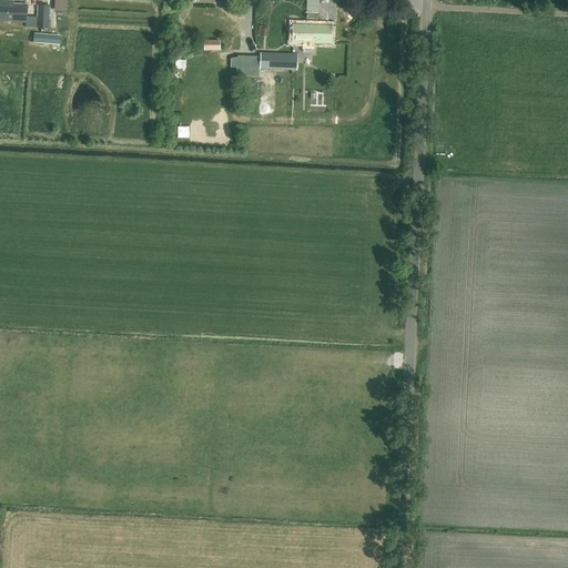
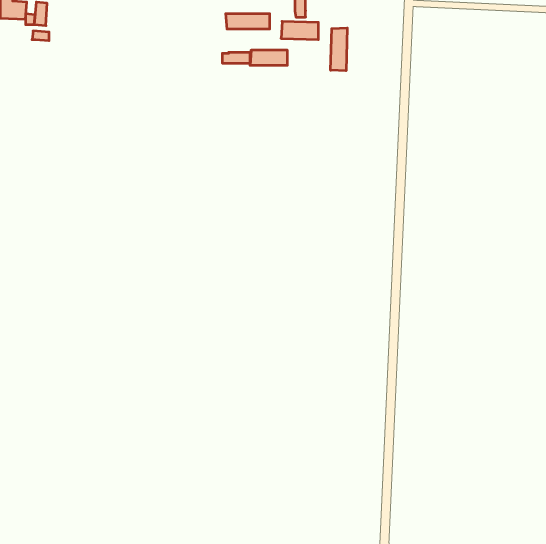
building: none -> [226,14,270,29]
building: none -> [331,28,347,71]

